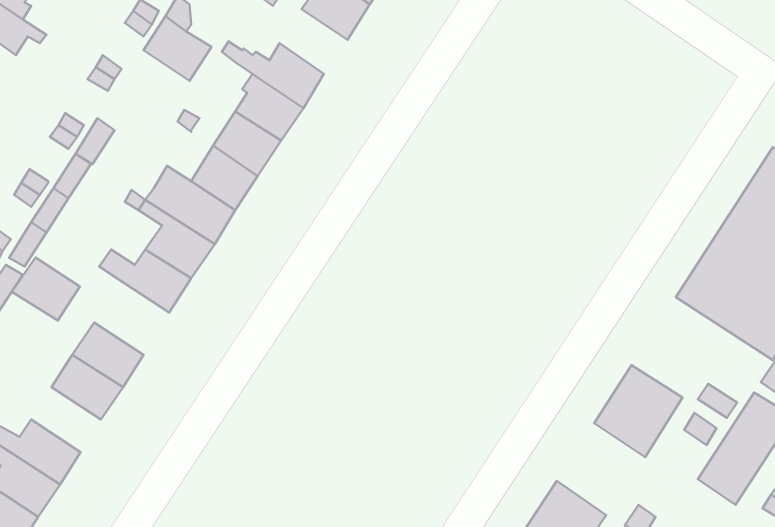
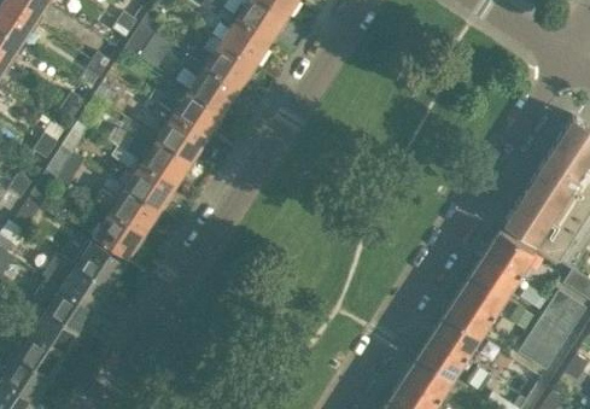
building: none -> [221,18,269,64]
building: [12,258,80,321] -> [94,212,142,257]
building: none -> [471,228,534,293]
building: none -> [45,286,94,332]
building: none -> [417,311,480,376]

